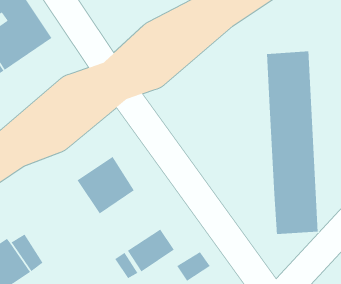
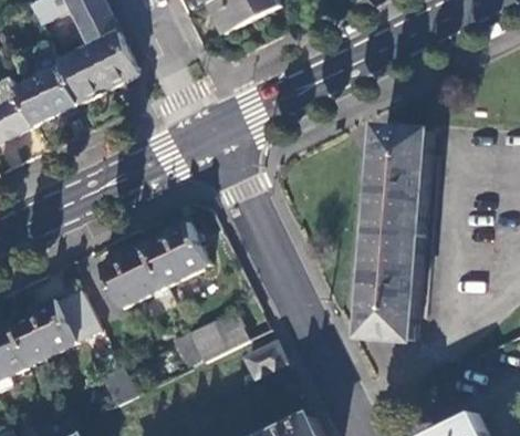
building: none -> [97,242,163,307]

